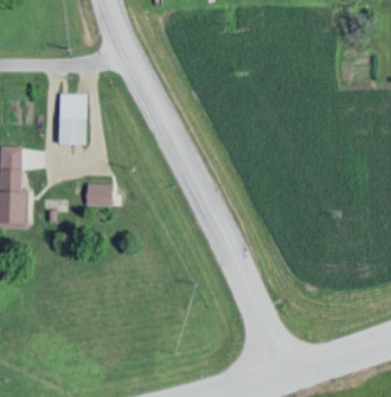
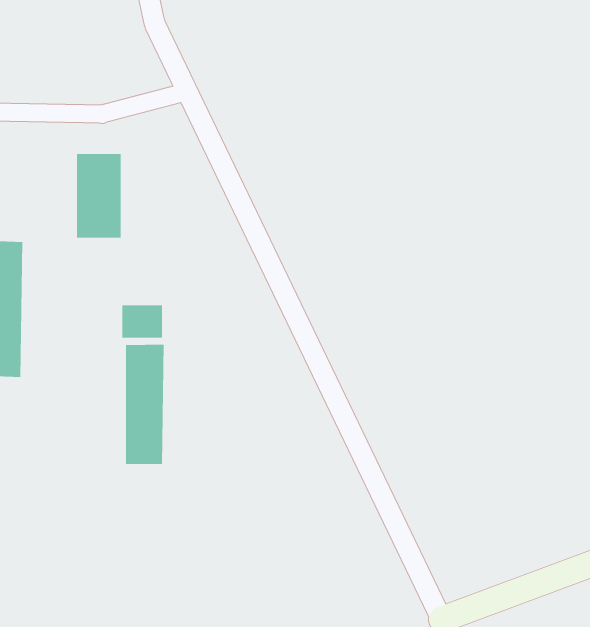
building: none -> [125,344,164,465]

